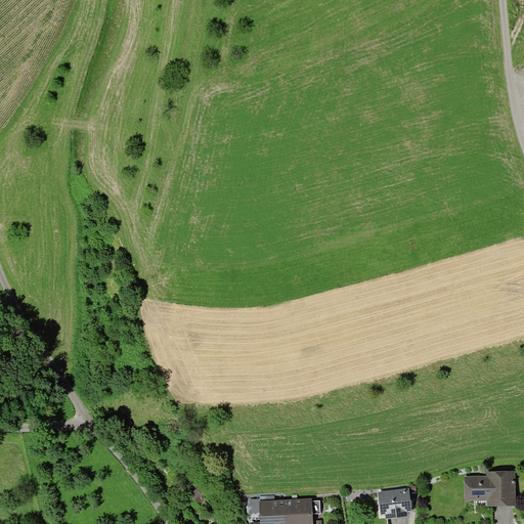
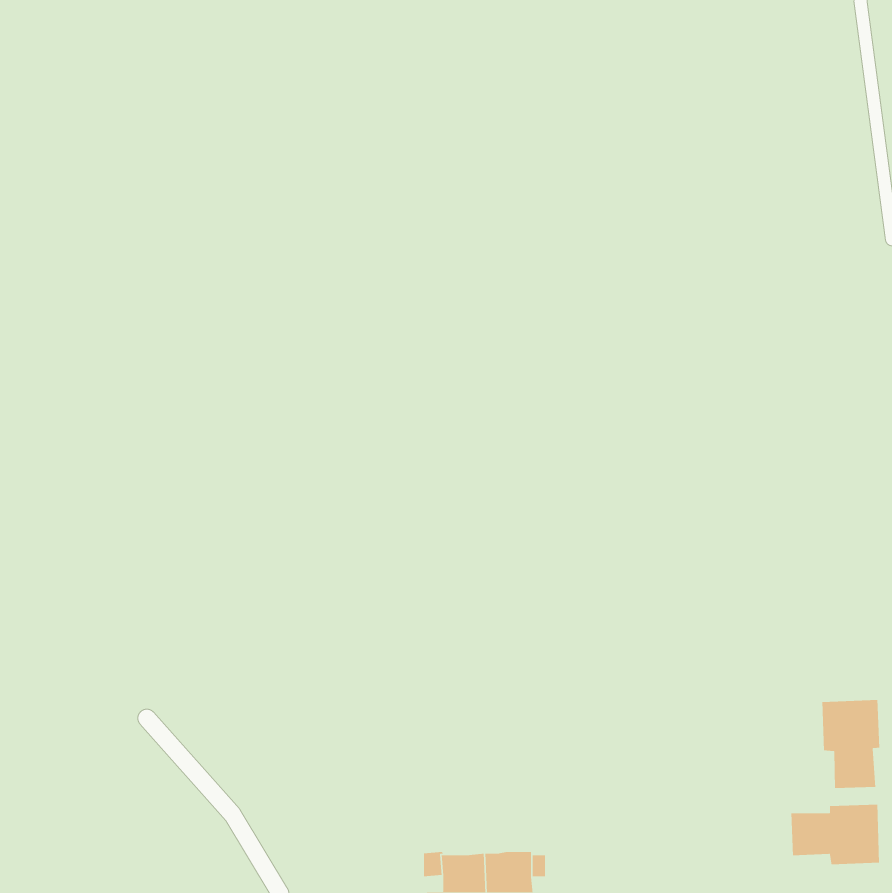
building: none -> [821,699,880,789]
building: [377,488,411,519] -> none

